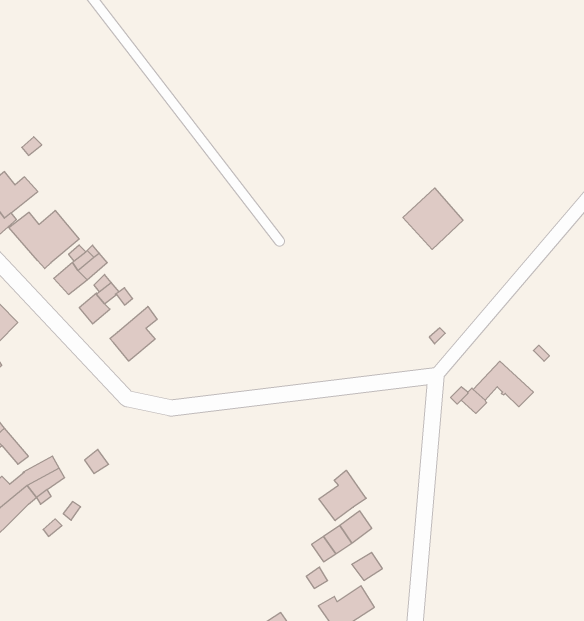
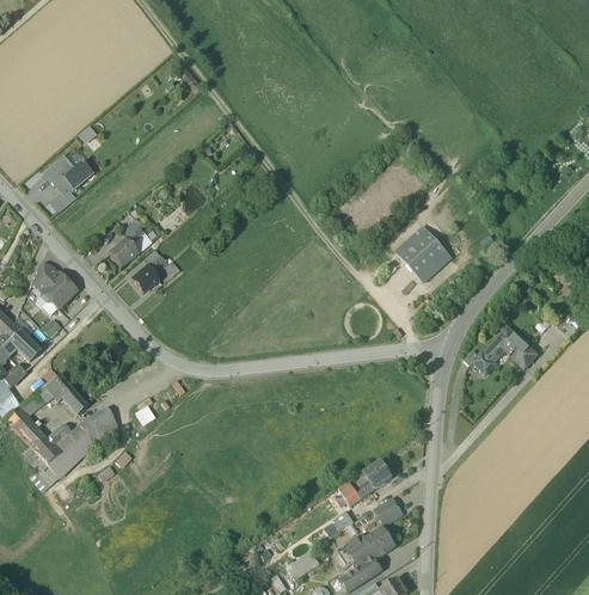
building: [403,188,463,249] -> [395,225,449,280]
building: [9,210,79,269] -> none
building: [110,306,157,361] -> none
building: [319,470,366,521] -> none

